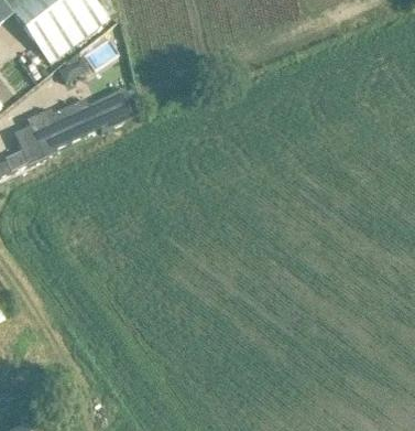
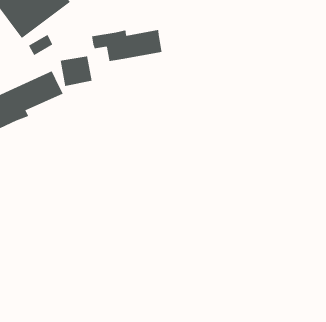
building: none -> [91,29,162,62]

